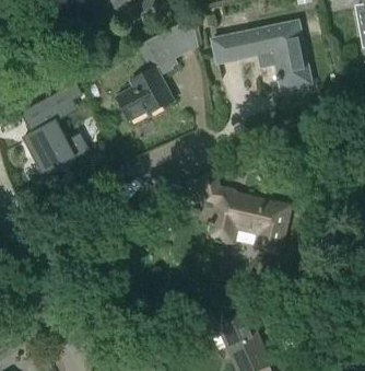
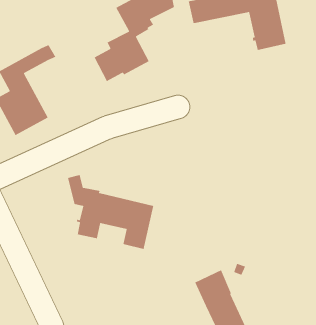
building: [202,175,290,252] -> [67,174,154,250]

